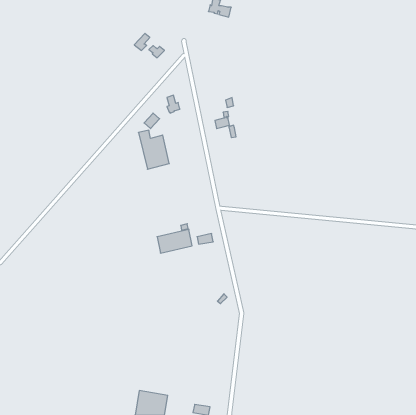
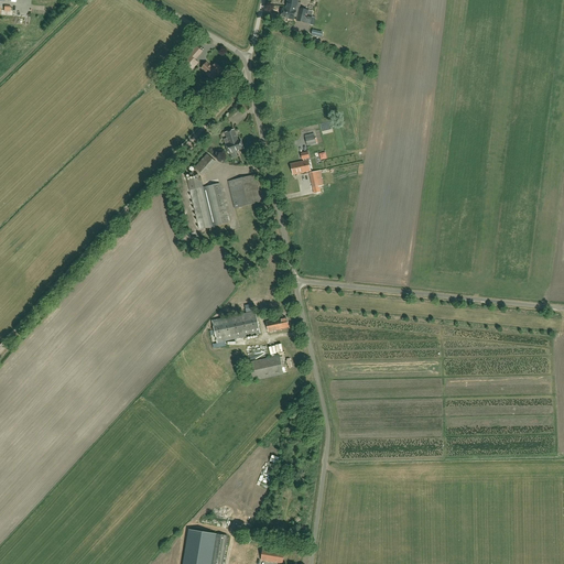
building: none -> [228,174,262,207]
building: none -> [248,355,283,380]

